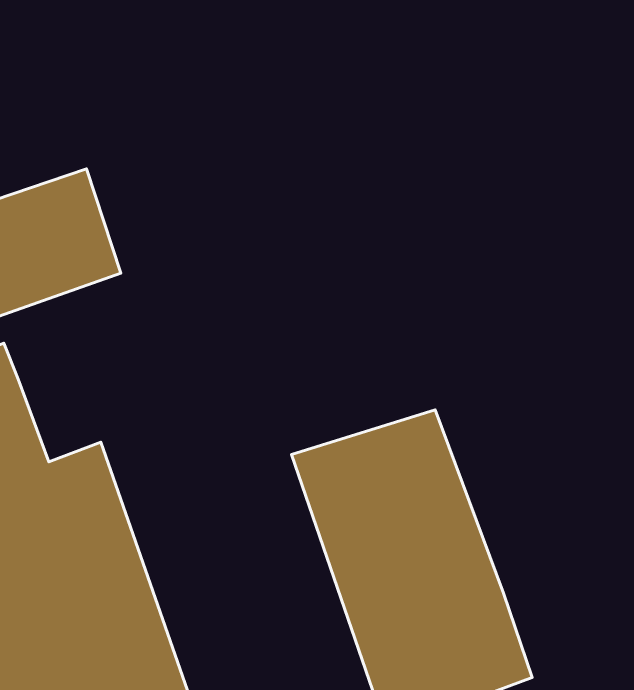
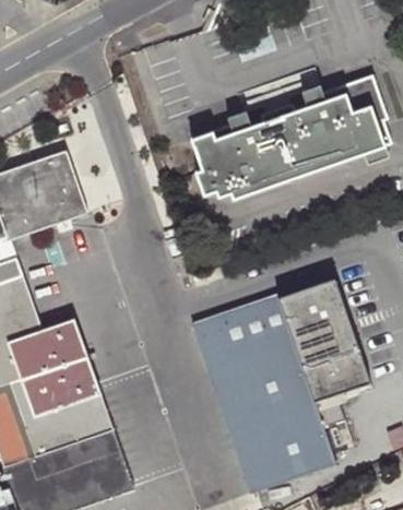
building: none -> [191,75,390,198]
building: none -> [278,278,369,407]

